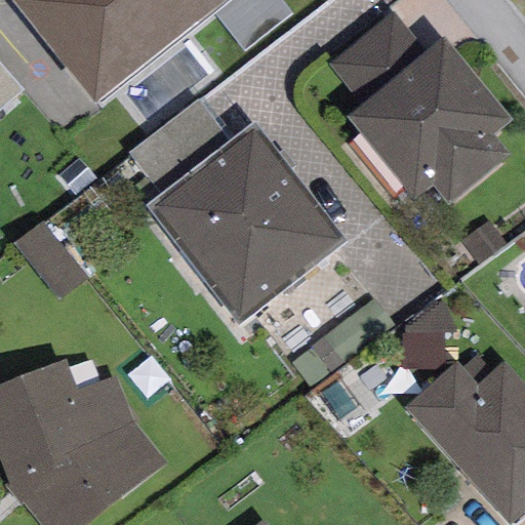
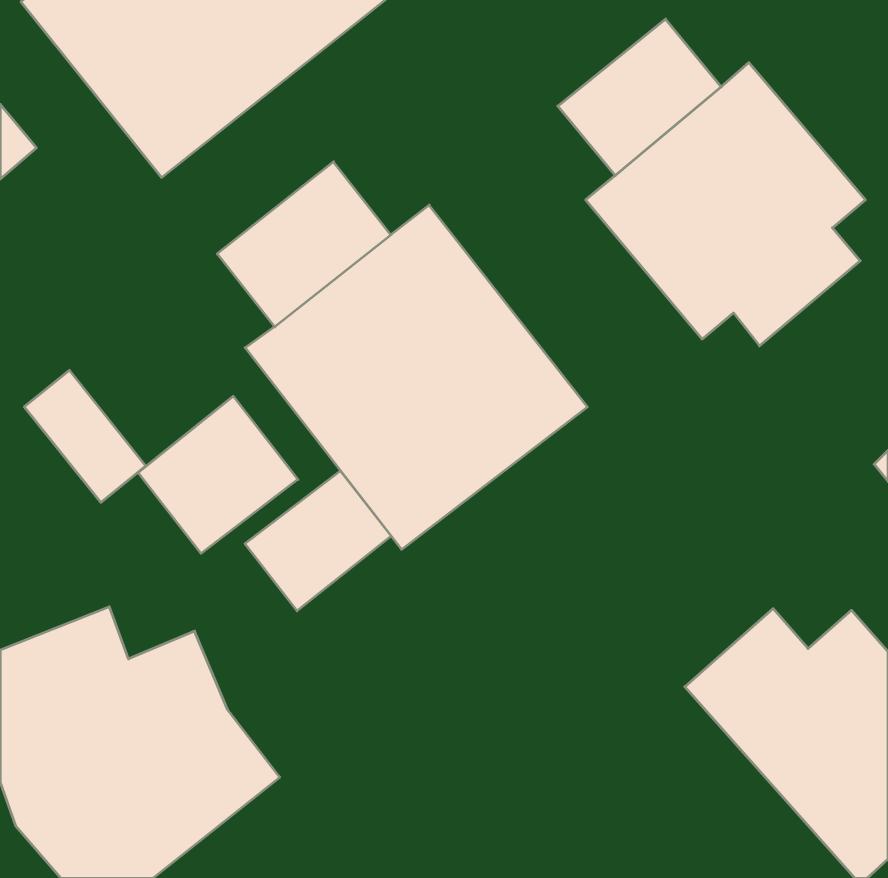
building: none -> [138,396,298,553]
building: none -> [245,471,391,611]

